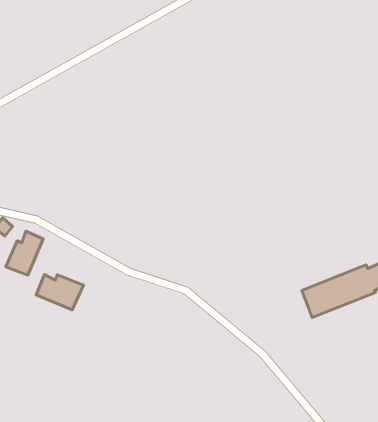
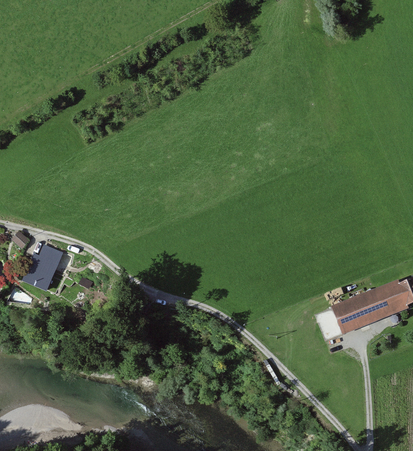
building: [36,275,83,310] -> none

